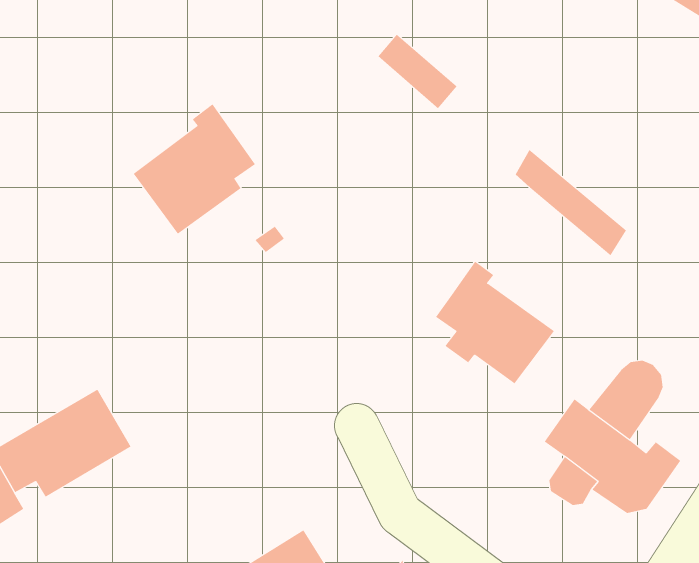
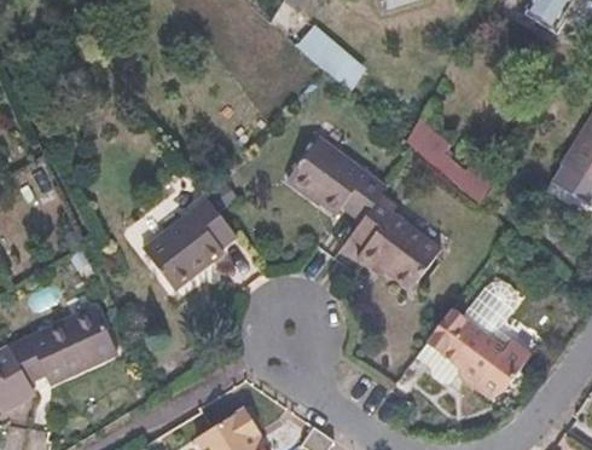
building: [133,103,256,234] -> [152,197,245,296]
building: none -> [285,146,382,229]

